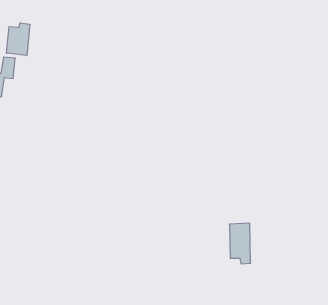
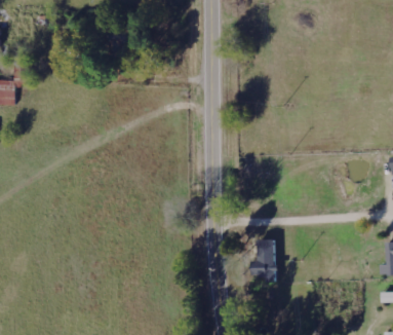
building: [7,23,30,56] -> none

